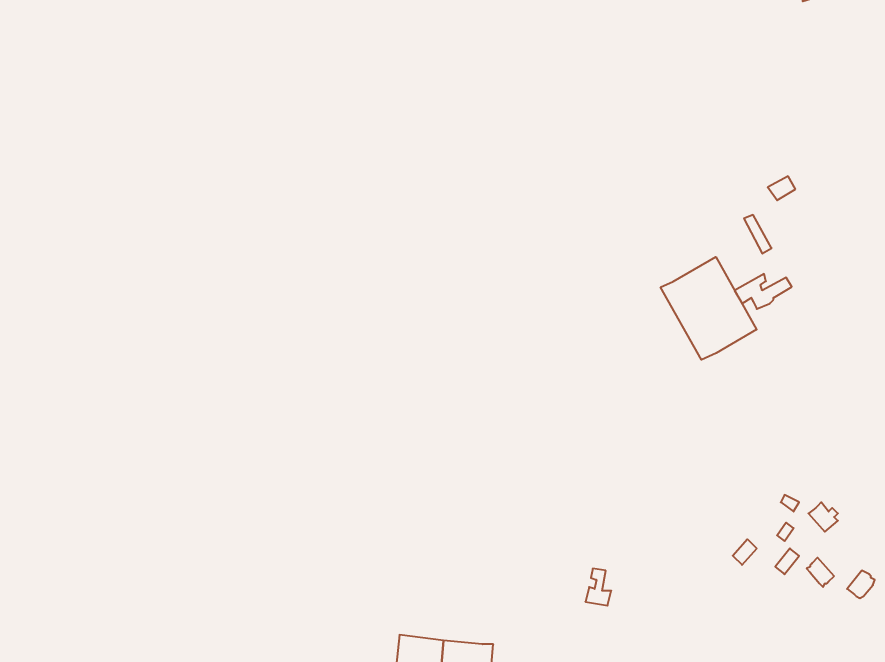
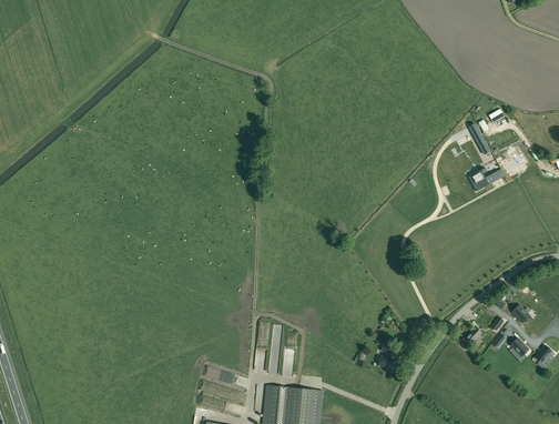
building: [661,257,757,360] -> none

